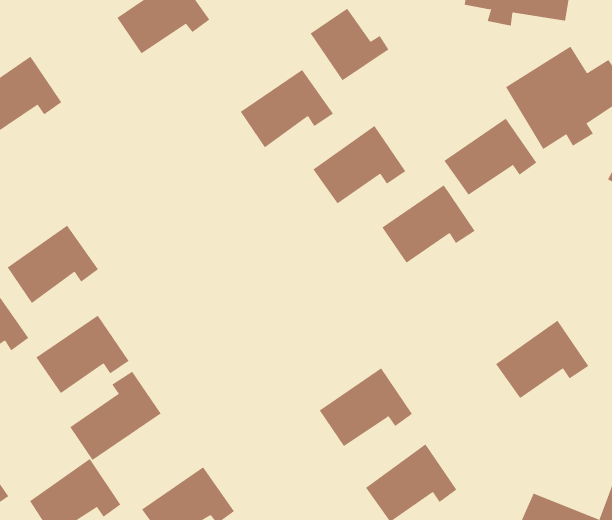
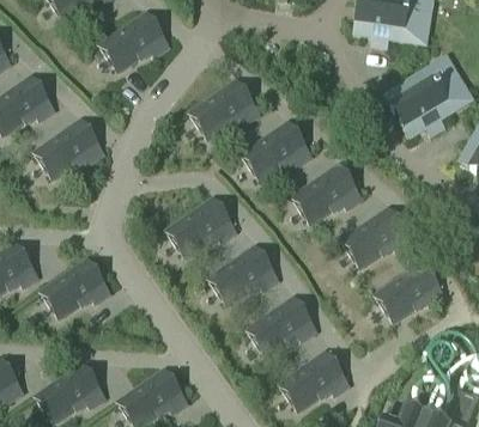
building: [310,8,389,81] -> none
building: [443,118,537,195] -> [342,209,411,266]
building: [7,225,99,304] -> [36,121,103,178]
building: none -> [168,199,236,256]
building: none -> [210,246,278,304]
building: [69,371,162,461] -> none

